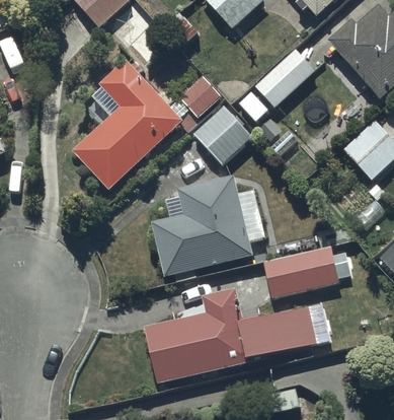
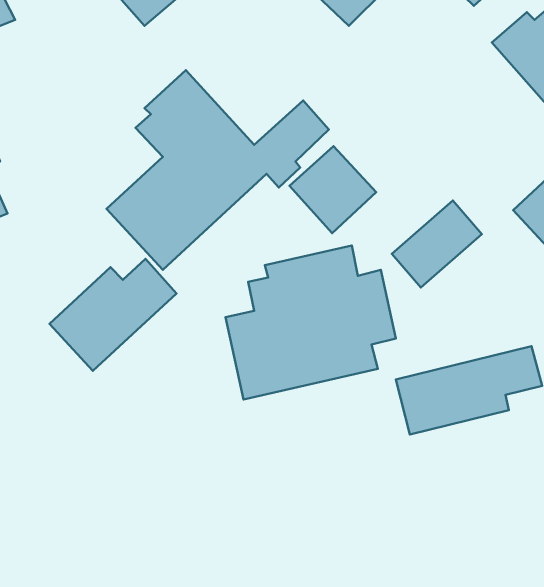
building: [255,50,315,108] -> [392,200,482,287]
building: none -> [50,259,176,371]
building: [146,289,314,382] -> none

